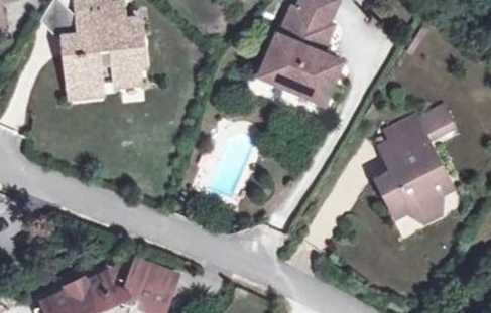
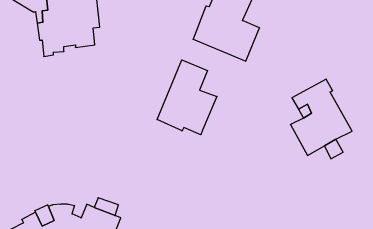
building: none -> [157,60,217,135]

